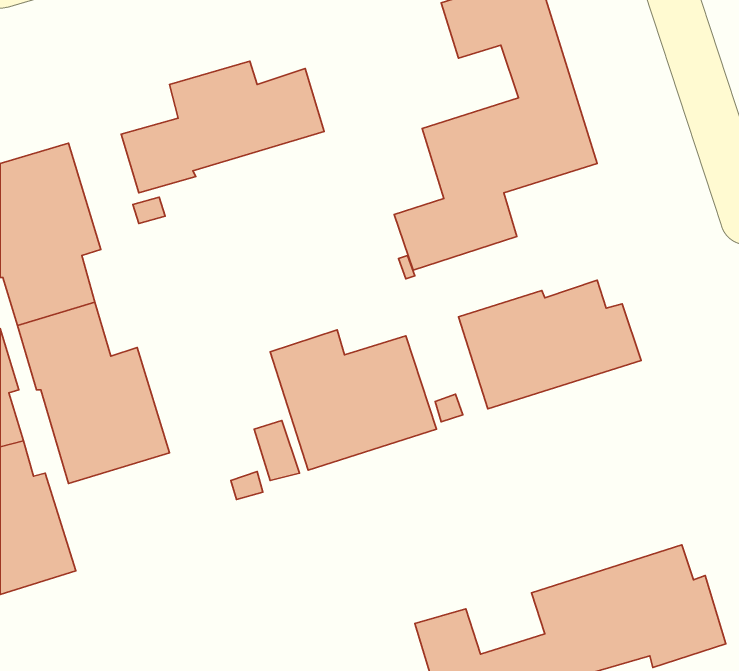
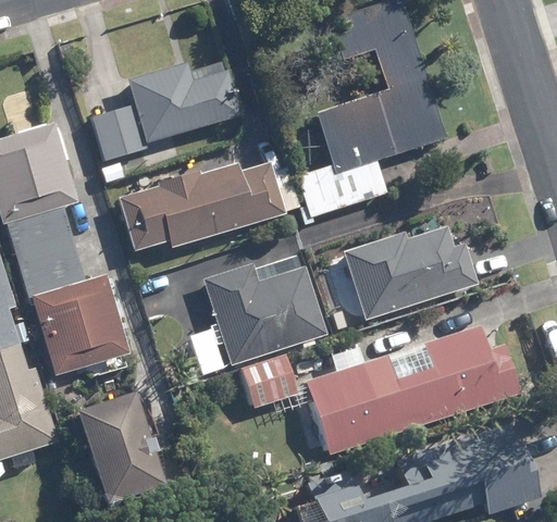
building: none -> [120,161,285,251]
building: none -> [307,325,522,457]
building: none -> [243,358,298,408]
building: none -> [76,394,163,506]

